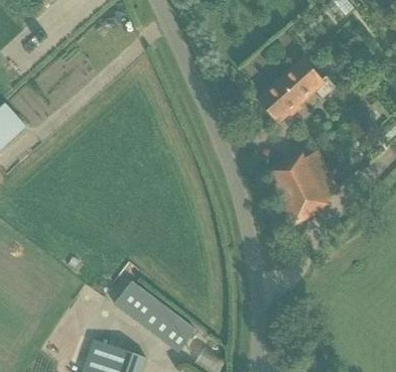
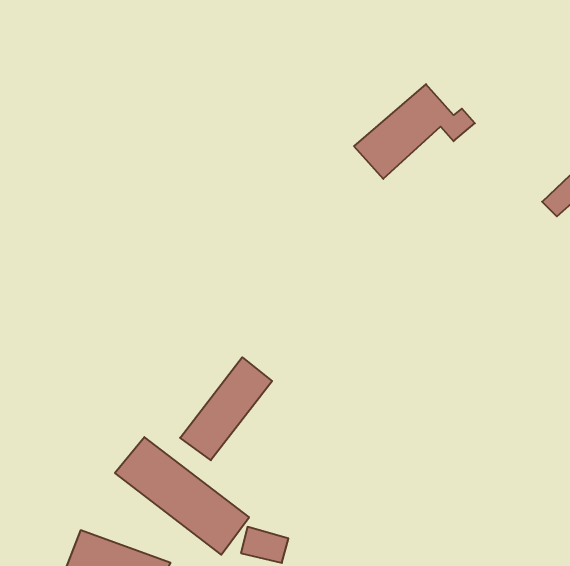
building: [266,156,328,225] -> none
building: none -> [180,357,272,460]

